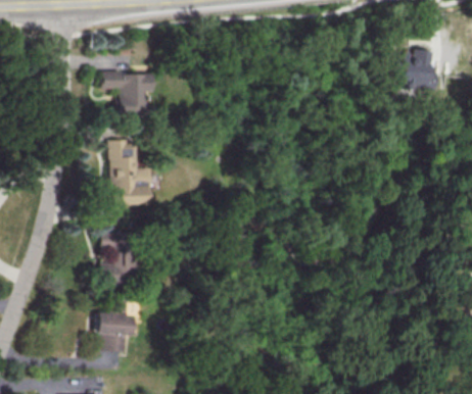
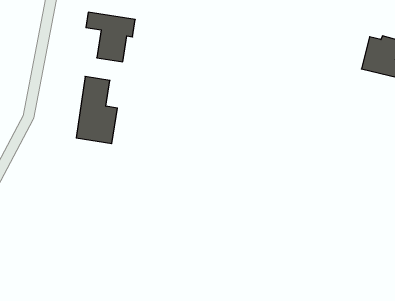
building: [102,231,131,285] -> none
building: [96,298,131,351] -> none

